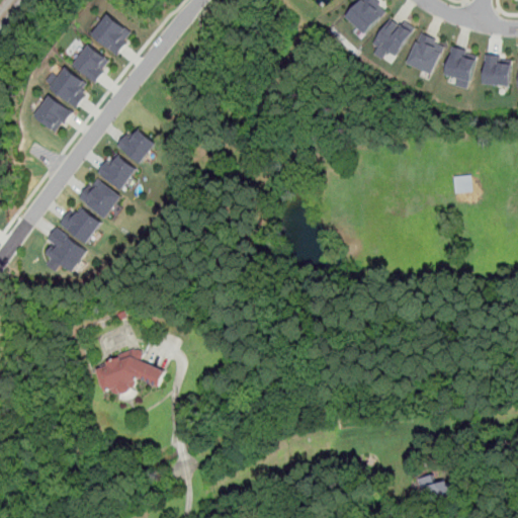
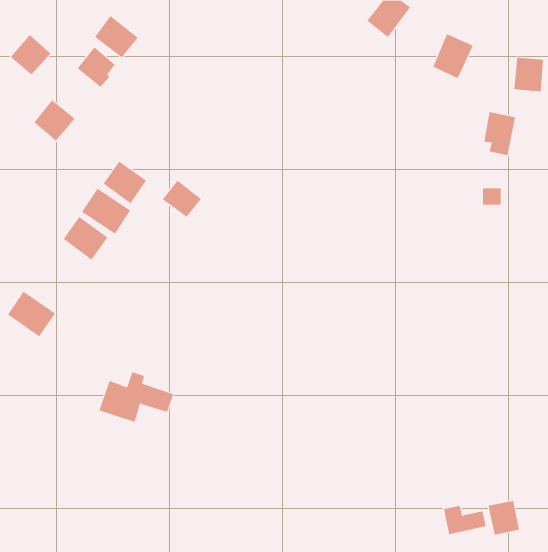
building: [367,16,411,63] -> none
building: [444,46,474,87] -> [483,112,516,156]
building: [50,67,88,105] -> [10,34,51,75]
building: [115,126,153,162] -> [162,180,202,218]
building: [39,228,85,271] -> [7,291,56,337]
building: none -> [488,500,519,535]

